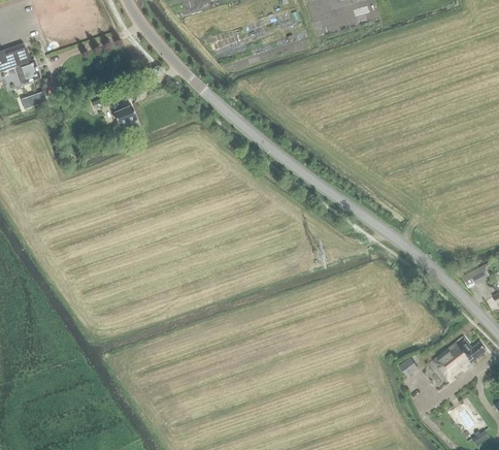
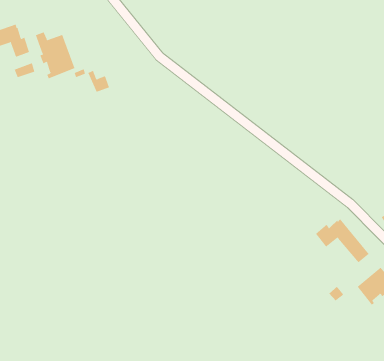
building: none -> [35,32,75,79]
building: none -> [315,219,370,263]

